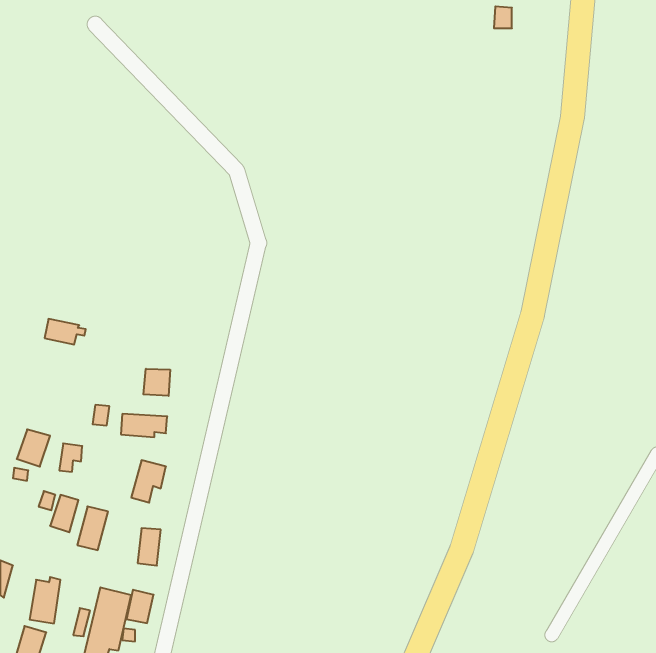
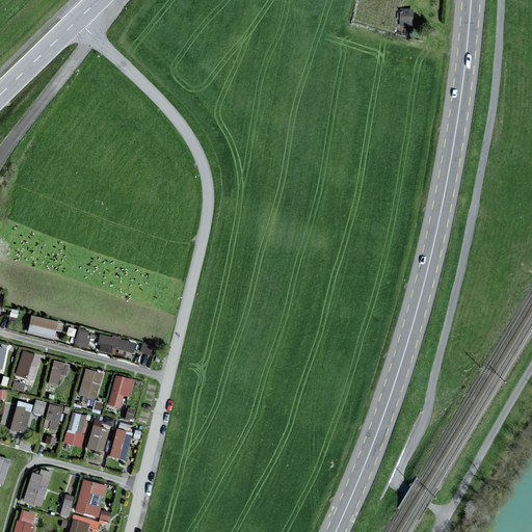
building: [45,319,86,345] -> [29,320,62,341]
building: [143,369,170,396] -> none
building: none -> [80,369,102,398]
building: none -> [11,401,31,433]
building: [127,590,154,623] -> [87,426,109,453]

